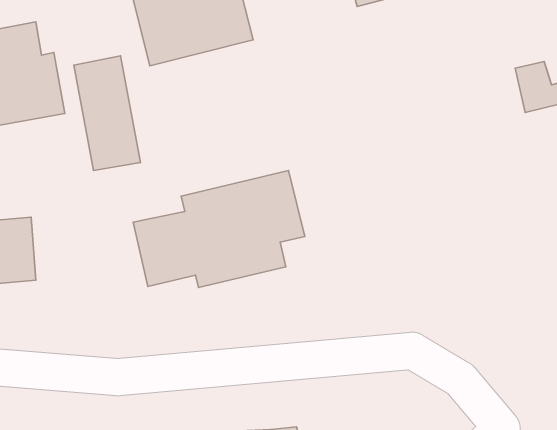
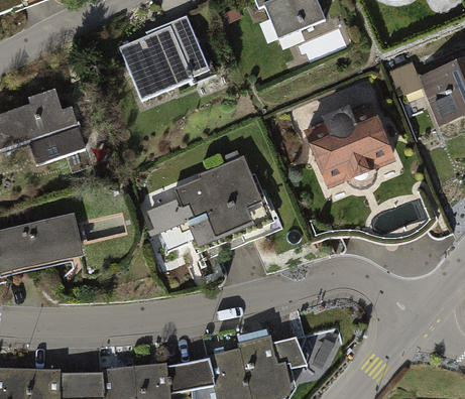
building: [74,56,140,171] -> none
building: none -> [305,105,392,182]

